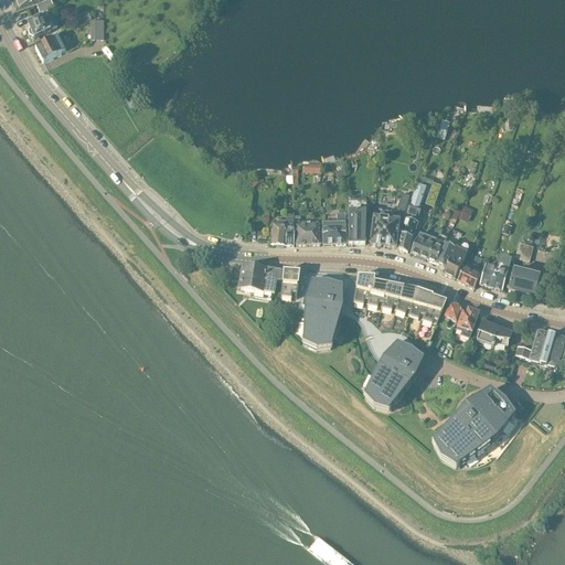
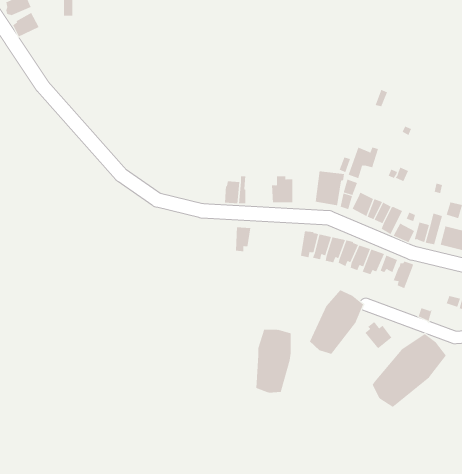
building: [348,209,365,241] -> none
building: [295,222,320,242] -> none
building: [239,263,280,294] -> none
building: [302,276,342,347] -> [255,329,291,393]
building: [476,318,509,349] -> none
building: none -> [364,321,392,349]

